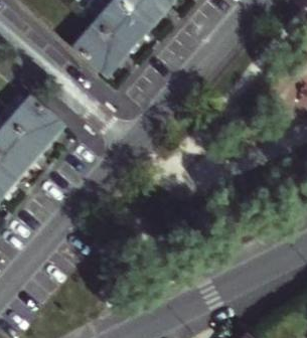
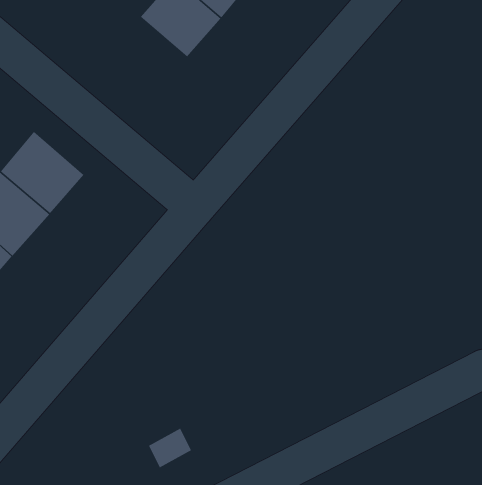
building: [74,26,125,75] -> none

